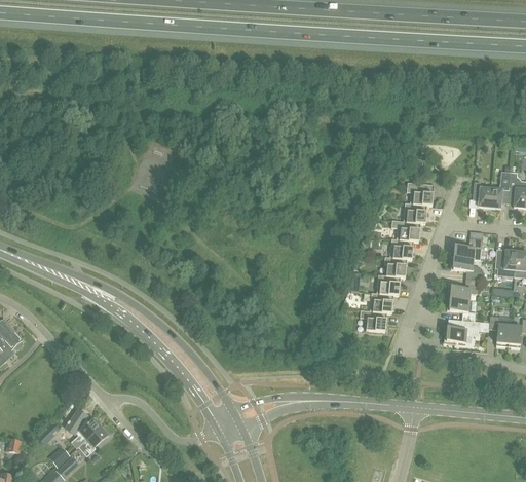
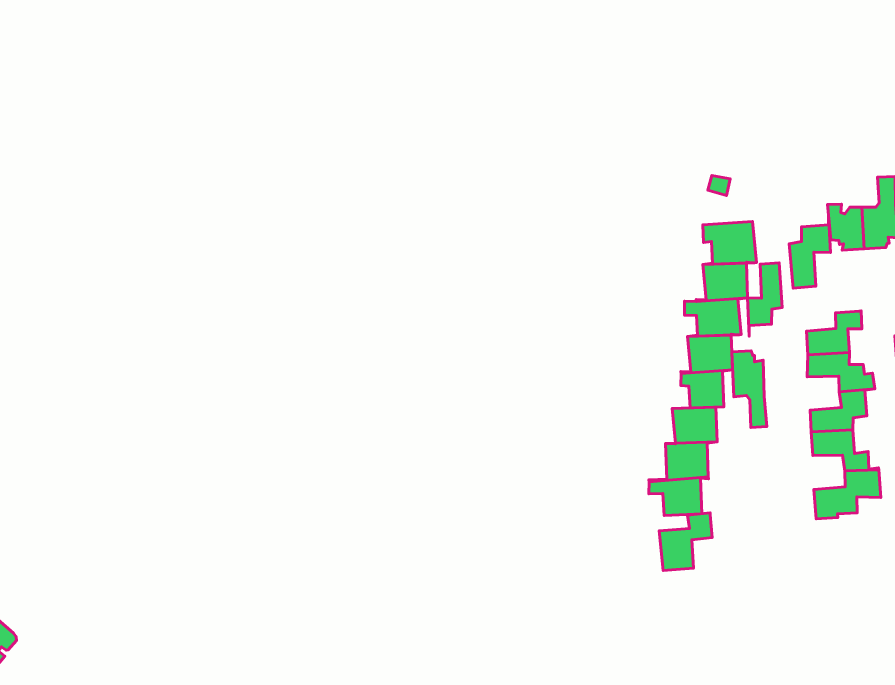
building: none -> [789,214,830,288]
building: none -> [748,263,782,336]
building: none -> [732,351,767,428]
building: none -> [659,513,712,571]

